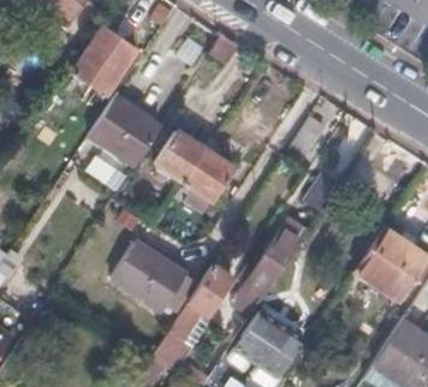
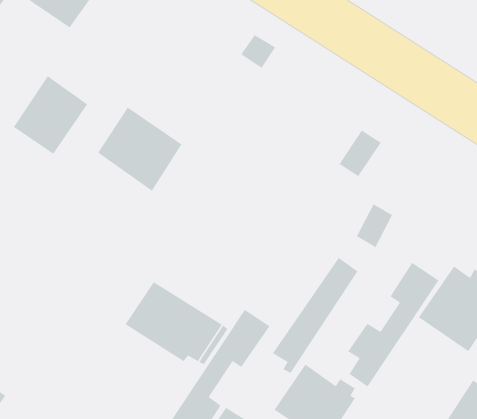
building: [71,25,133,91] -> [13,75,88,155]
building: [154,129,233,198] -> none
building: none -> [347,262,439,388]

